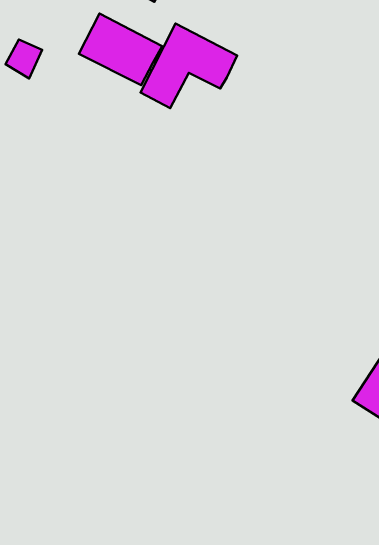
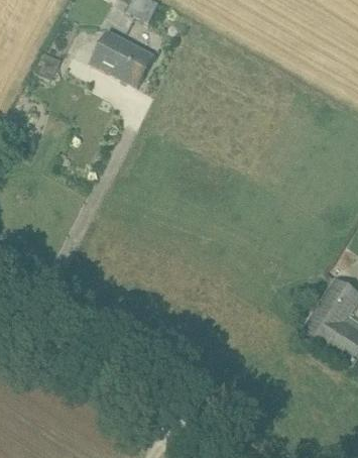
building: [140,23,237,108] -> none

